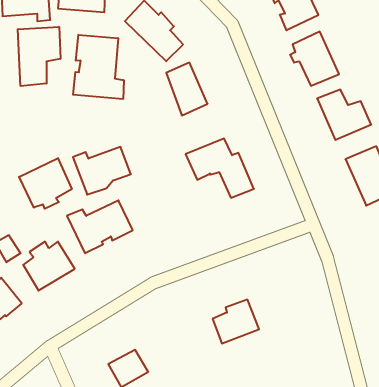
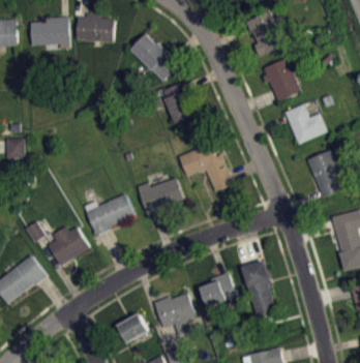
building: [18,27,60,86] -> none
building: [73,35,124,99] -> none
building: [73,147,131,195] -> [137,178,183,216]
building: [19,158,72,209] -> none
building: none -> [241,261,275,315]
building: none -> [153,293,194,336]

